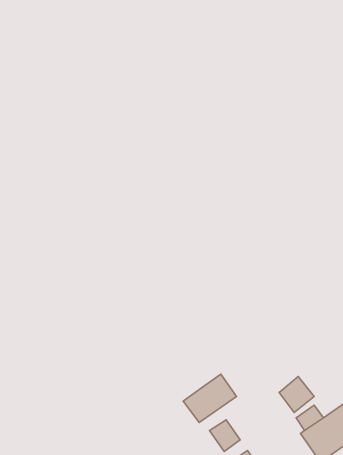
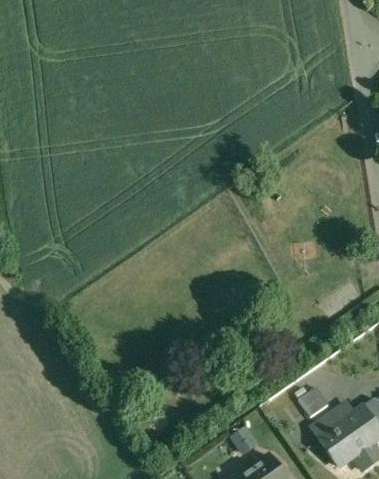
building: [183,374,237,423] -> none

